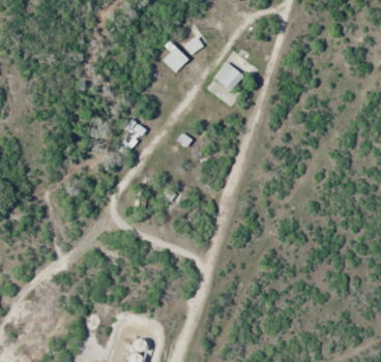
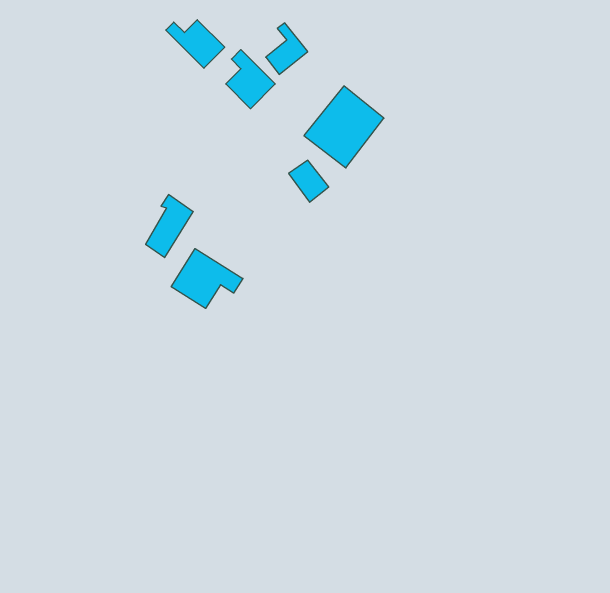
building: none -> [166,20,225,68]
building: none -> [171,249,243,308]

